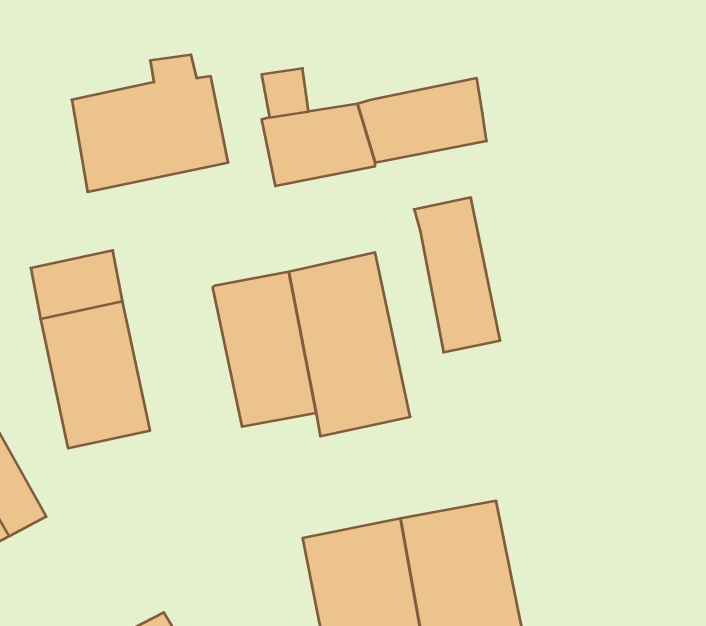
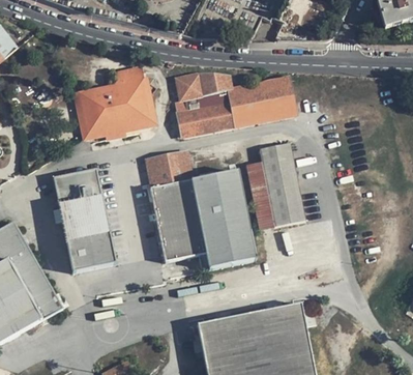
building: none -> [198,73,234,95]
building: none -> [146,150,190,188]
building: none -> [243,158,272,226]

